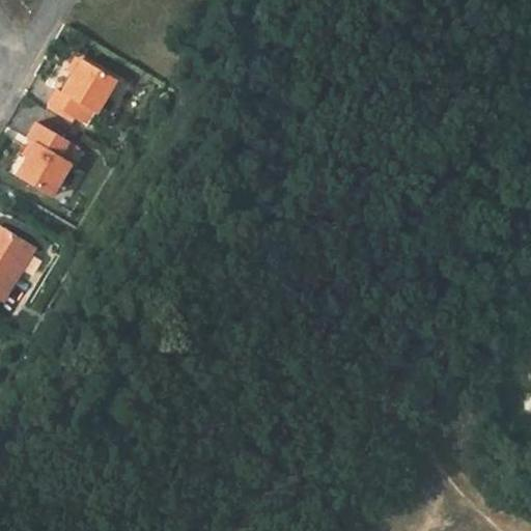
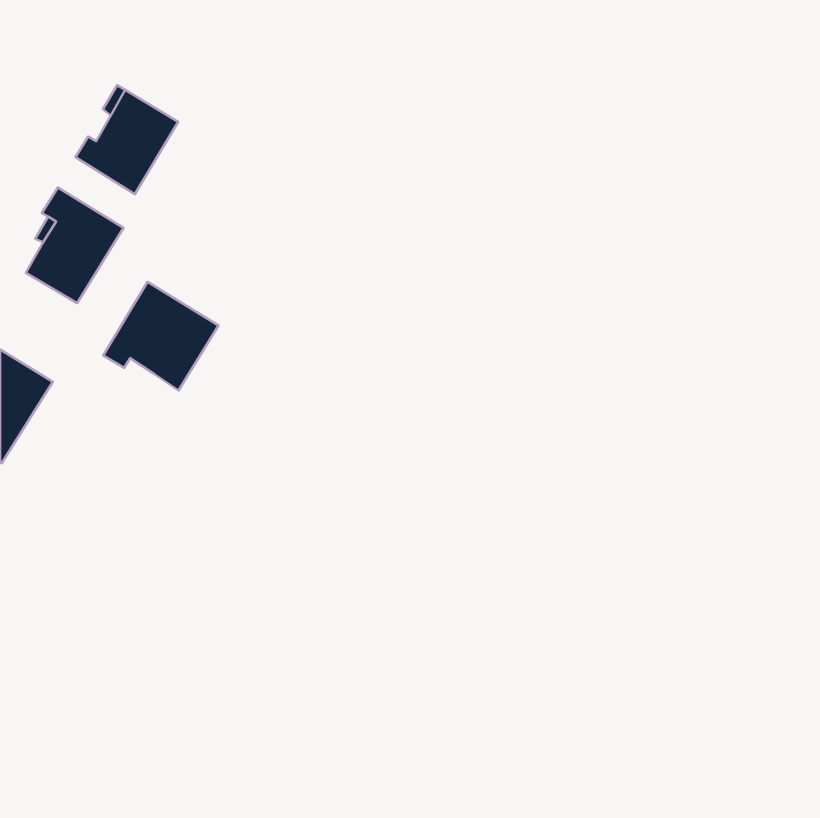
building: none -> [103,282,218,390]

